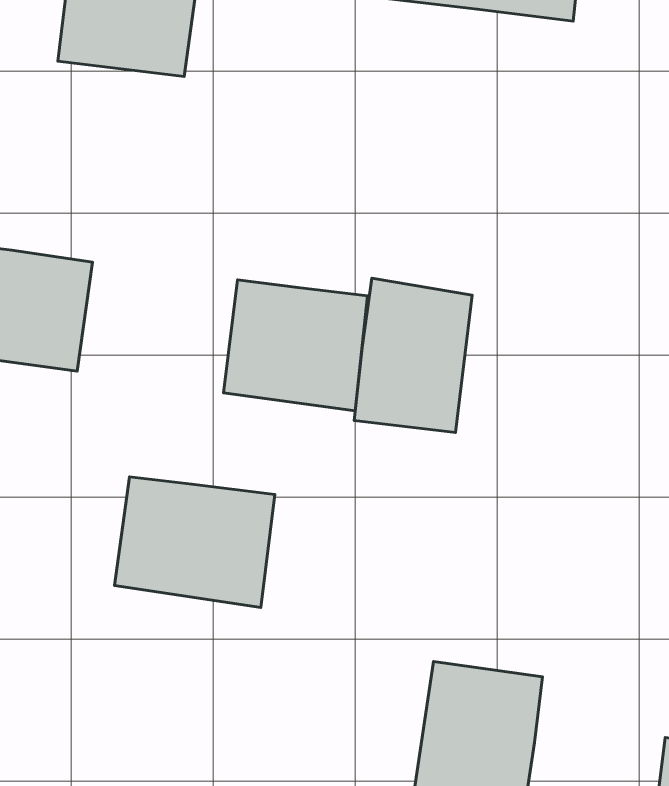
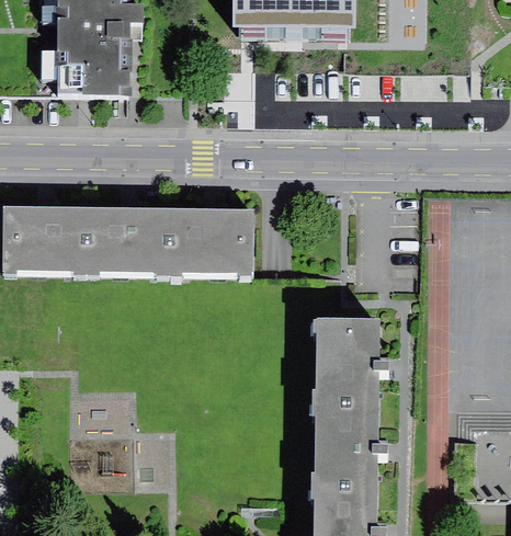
building: [354,278,472,433] -> none
building: [114,477,275,607] -> [90,208,175,274]
building: none -> [315,331,381,414]

